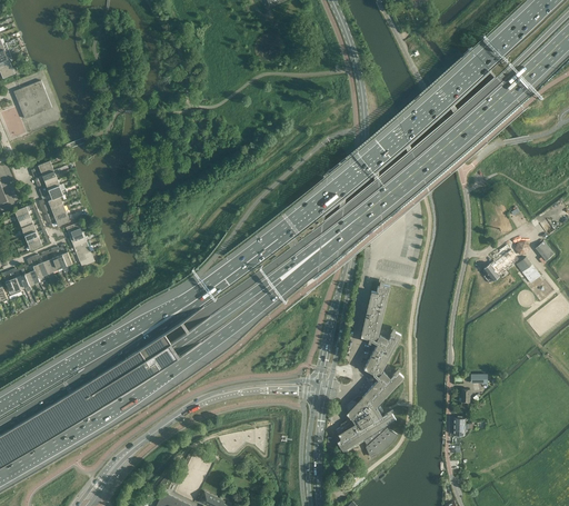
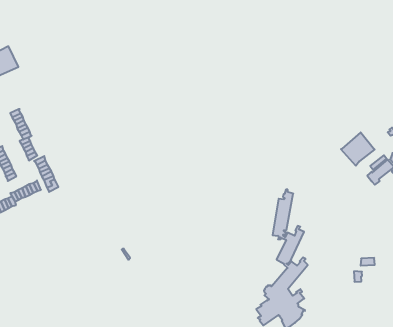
building: none -> [341,132,375,166]

